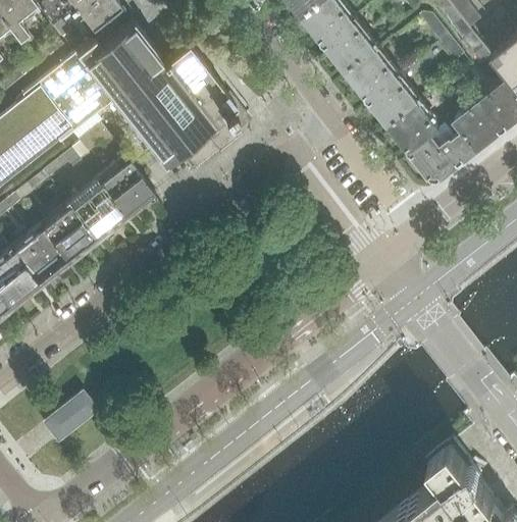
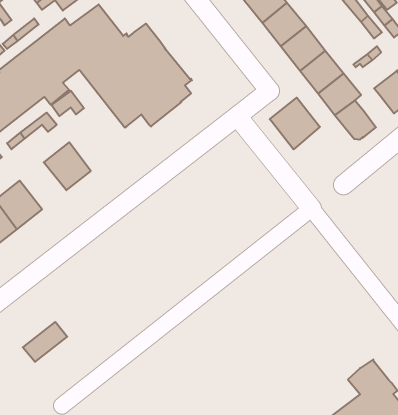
building: [442,132,477,167] -> none
building: none -> [270,98,320,149]
building: [94,156,153,218] -> none
building: [39,208,94,263] -> none

